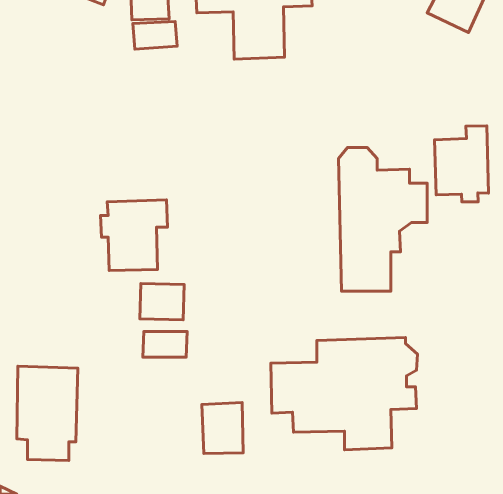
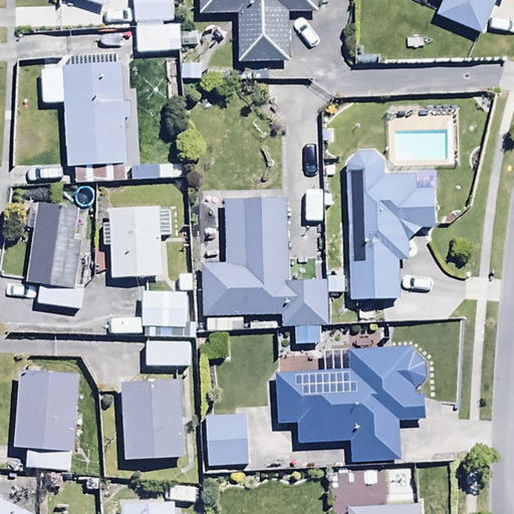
building: none -> [42,52,133,181]
building: [435,126,488,202] -> none
building: none -> [204,199,325,342]
building: none -> [27,200,84,307]
building: none -> [120,380,185,459]

